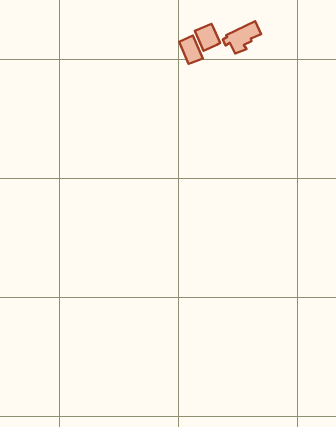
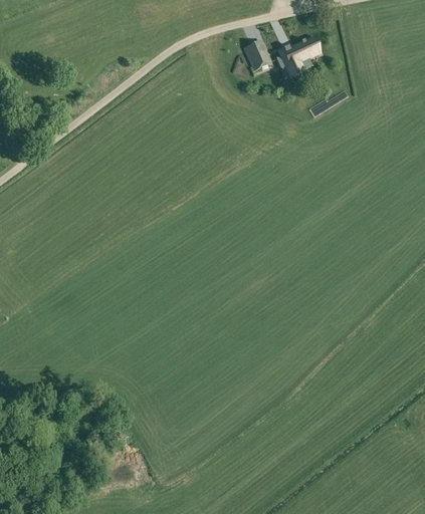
building: [179,36,203,64] -> none

